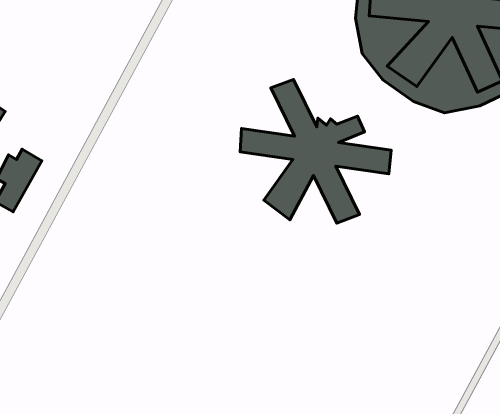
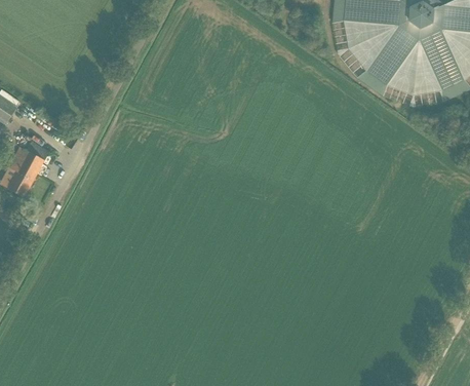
building: [240,79,391,223] -> none

